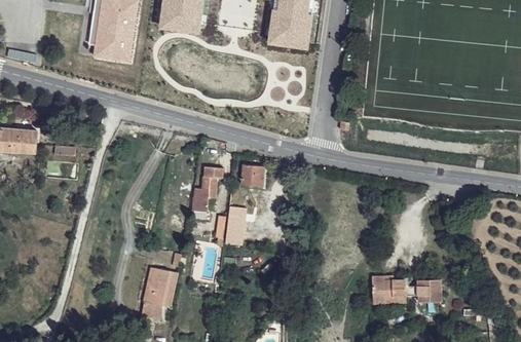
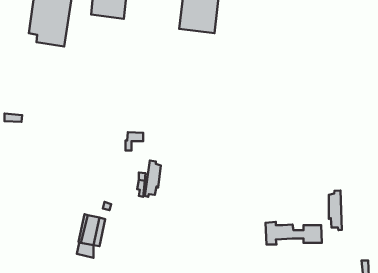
building: [241,165,265,186] -> none
building: [192,178,218,212] -> none
building: none -> [329,191,342,230]

